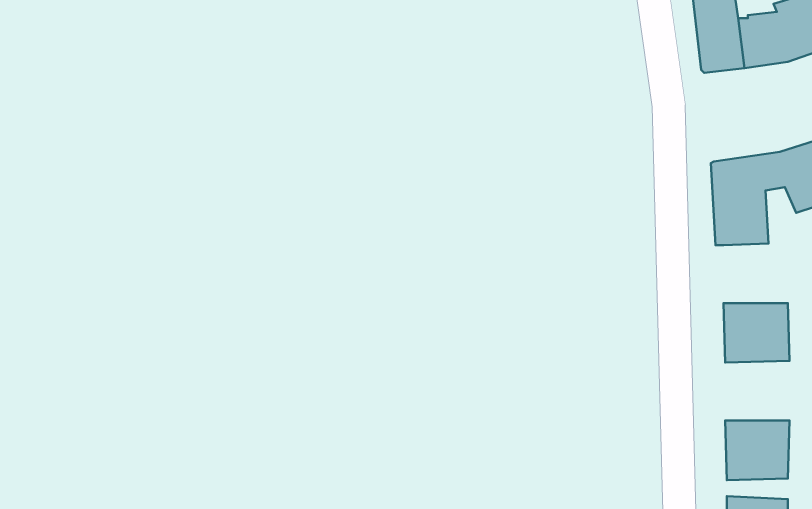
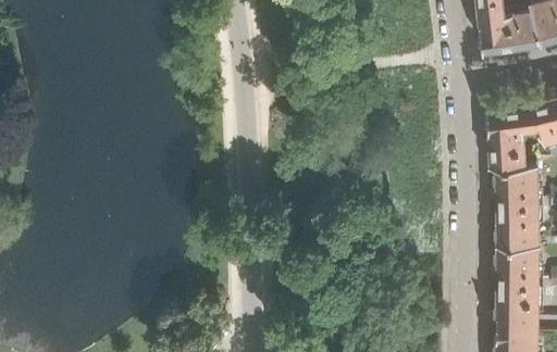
building: none -> [495,169,539,210]
building: none -> [496,249,540,289]

